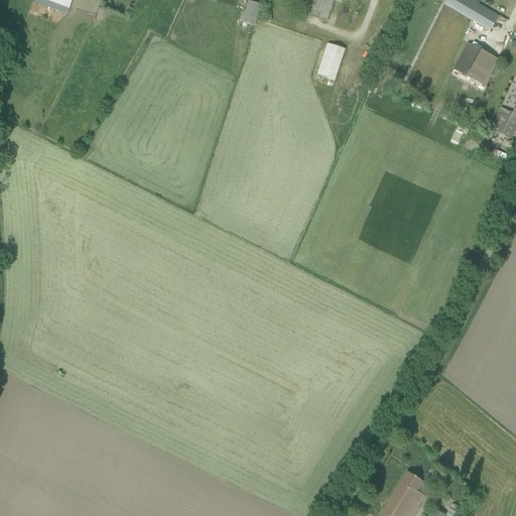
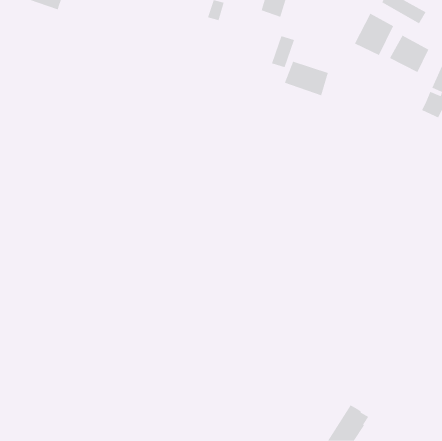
building: none -> [354,13,394,56]
building: none -> [284,61,329,96]

